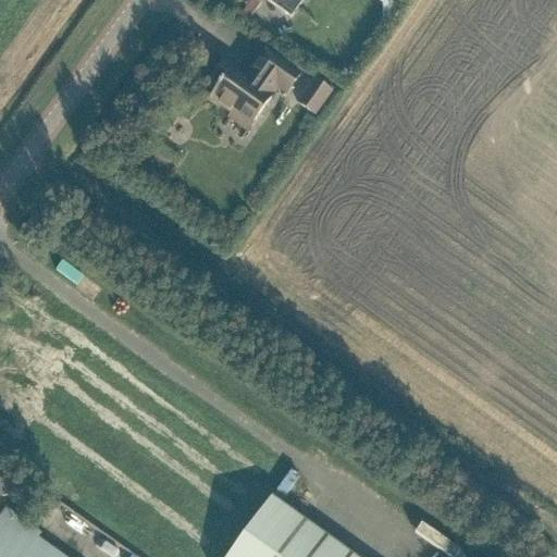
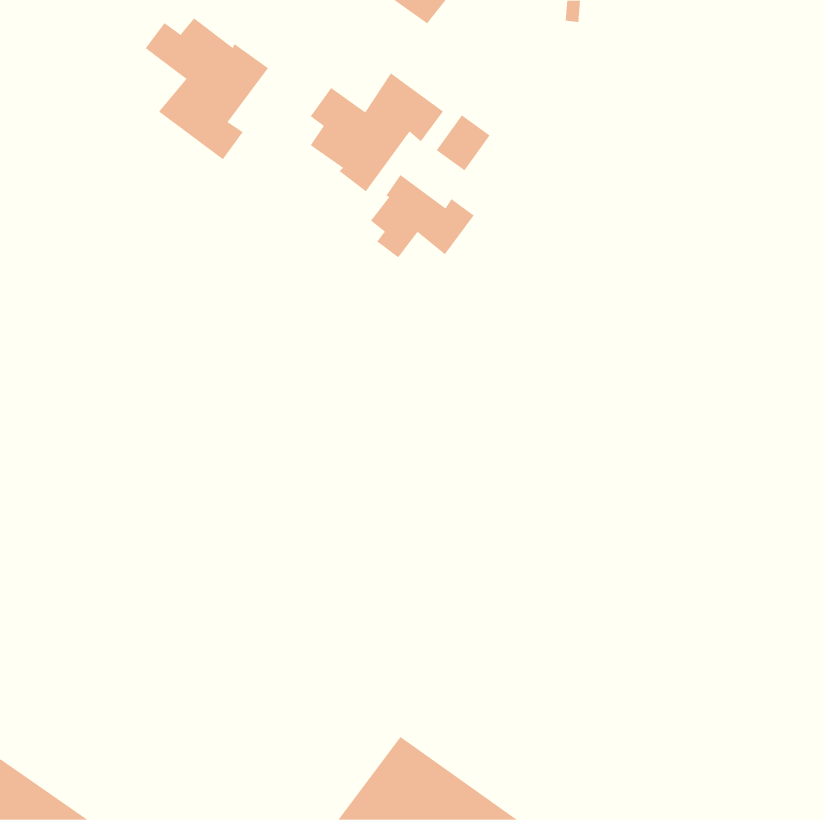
building: none -> [145,18,269,160]
building: none -> [370,174,475,258]

